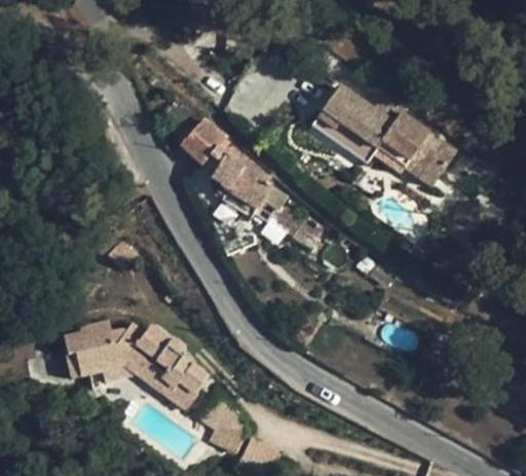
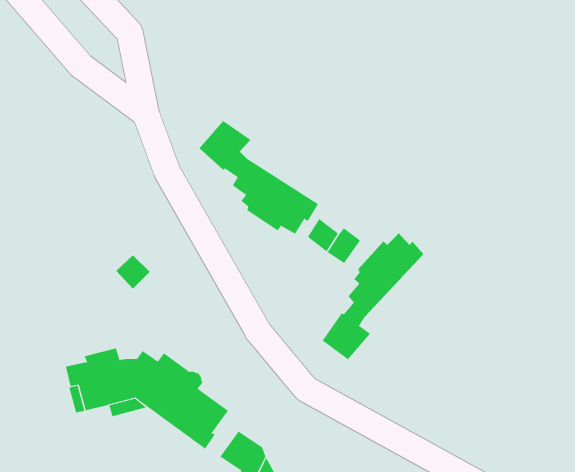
building: [310,84,456,186] -> none
building: none -> [322,232,424,360]

